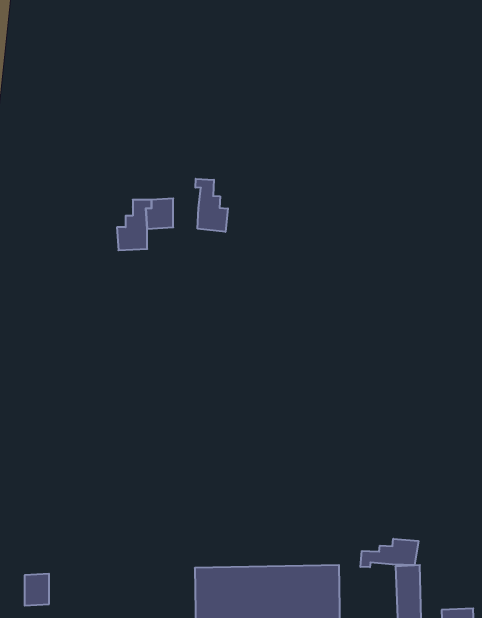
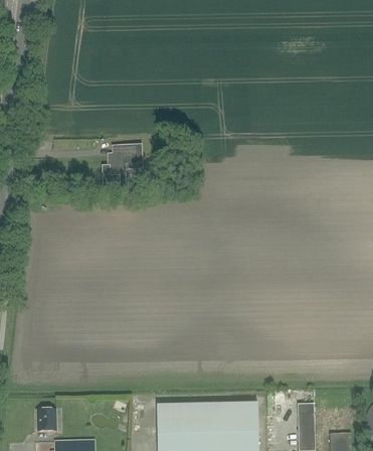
building: [195,179,228,232] -> none
building: [360,539,418,567] -> none

